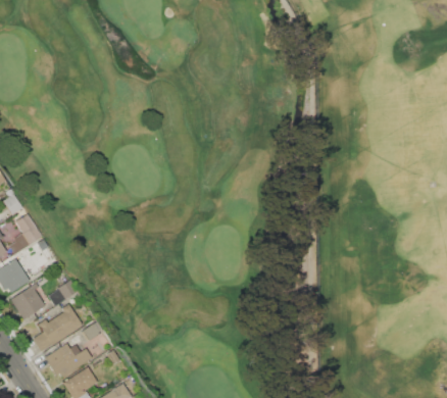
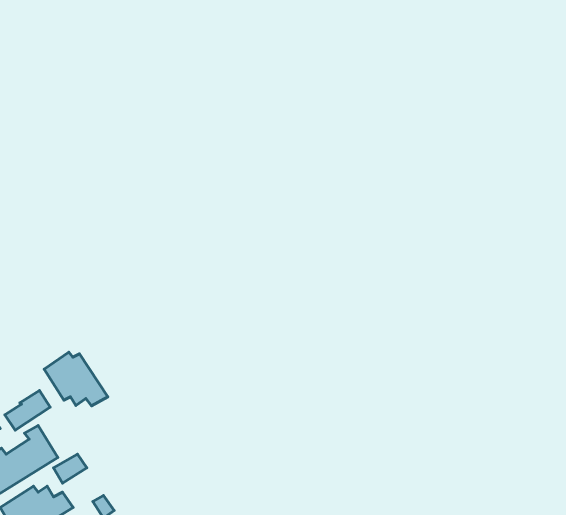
building: none -> [44,352,108,406]

